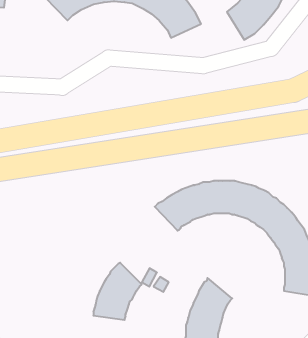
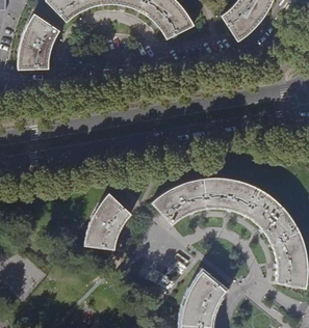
building: none -> [18,12,59,70]
building: [93,263,142,320] -> [84,193,131,248]

